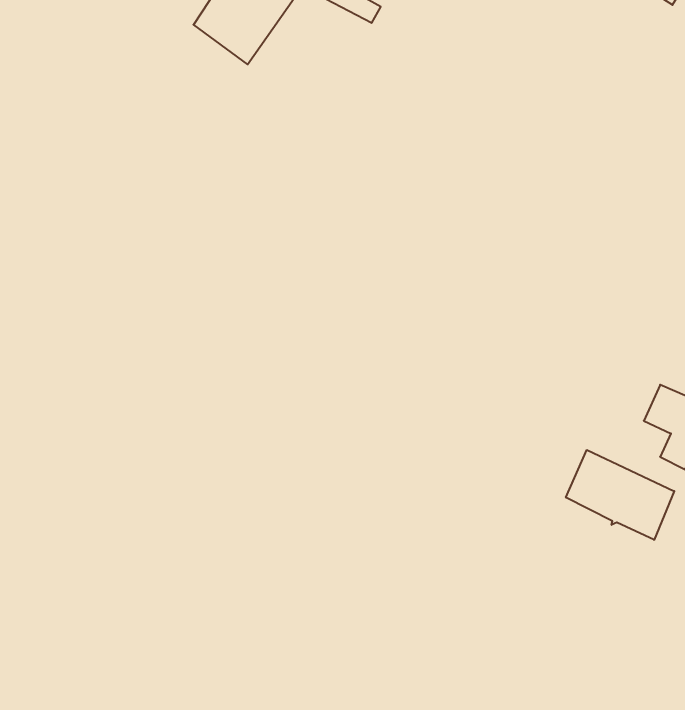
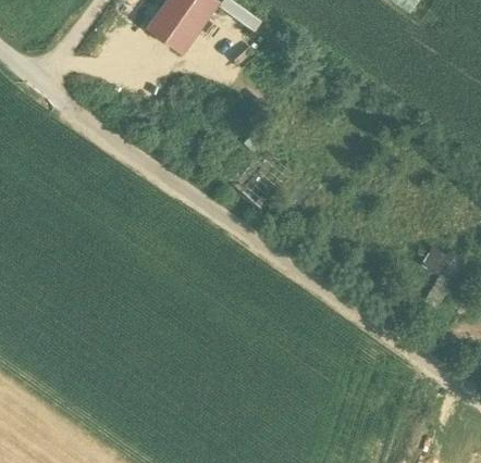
building: [566,450,674,540] -> none

